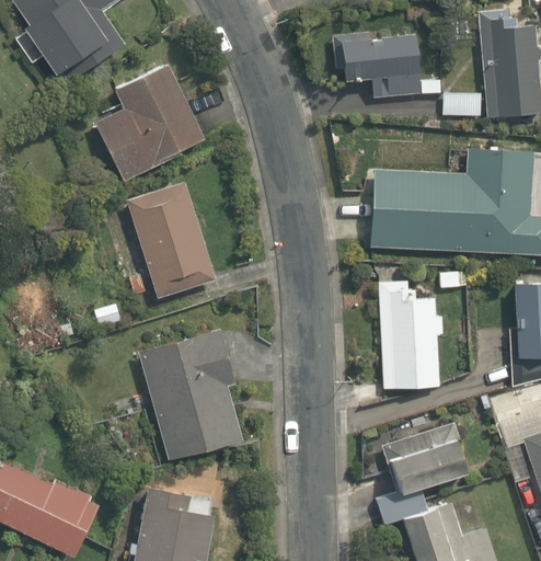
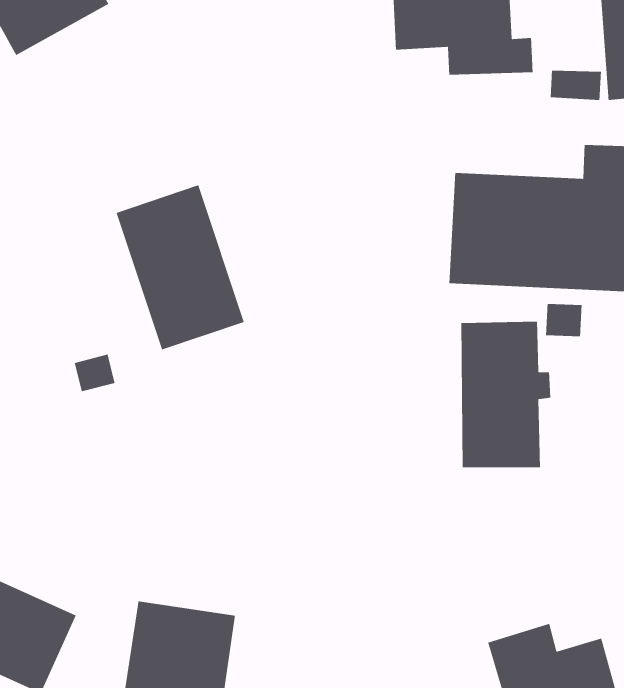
building: [95,58,206,182] -> none
building: [139,328,240,461] -> none
building: [383,425,470,497] -> none

